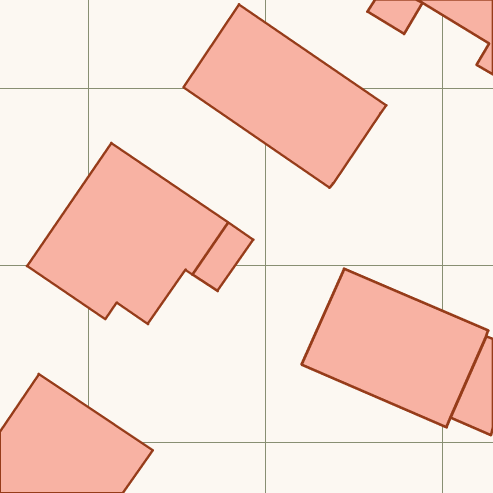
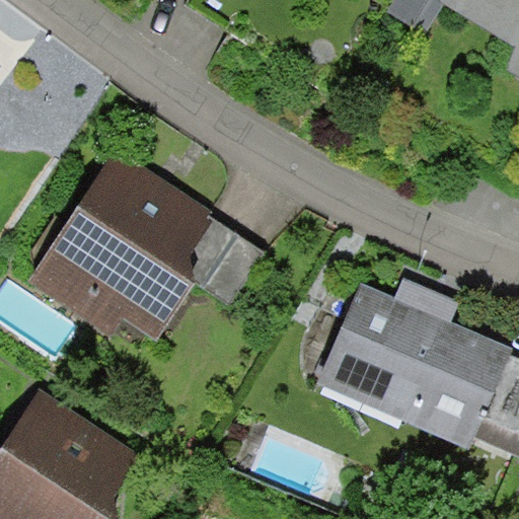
building: [184,4,386,188] -> none

